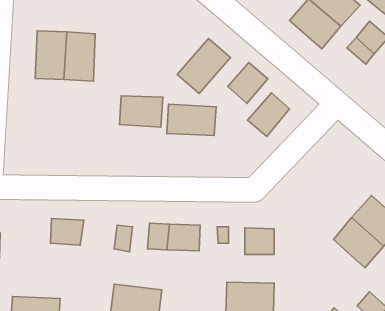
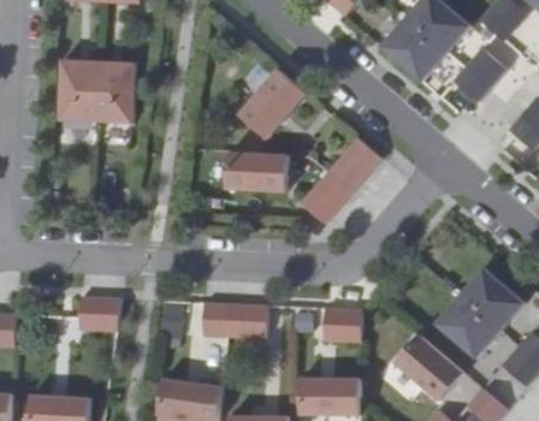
building: [228,63,268,104] -> [301,173,351,225]
building: [119,96,163,127] -> none
building: none -> [393,336,462,402]

